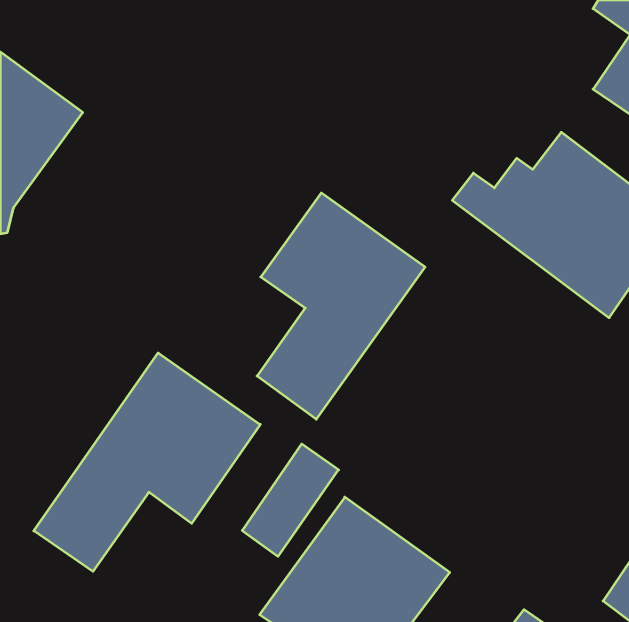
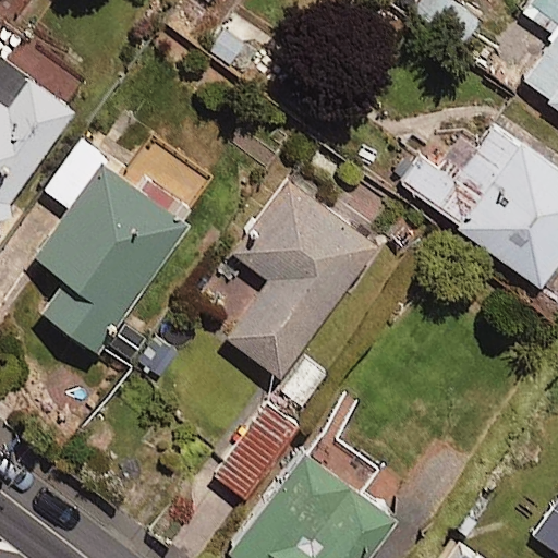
building: none -> [37,144,205,352]
building: [34,353,260,571] -> none

